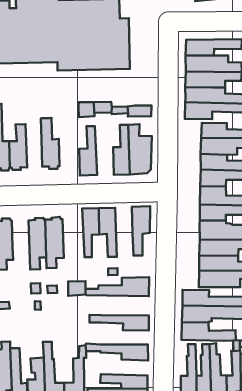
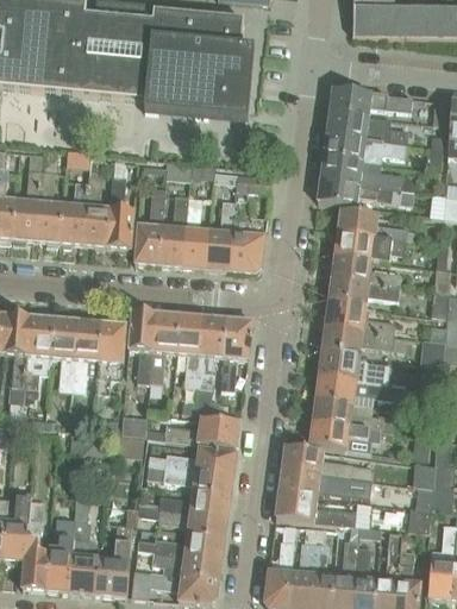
building: none -> [84,174,109,249]
building: none -> [134,187,165,264]
building: none -> [183,196,211,269]
building: none -> [198,316,227,387]
building: none -> [129,310,156,382]
building: none -> [50,315,77,390]
building: none -> [149,447,237,476]
building: none -> [159,492,231,517]
building: none -> [138,534,225,561]

